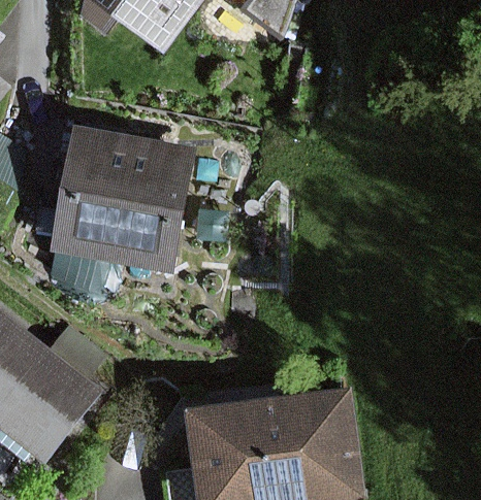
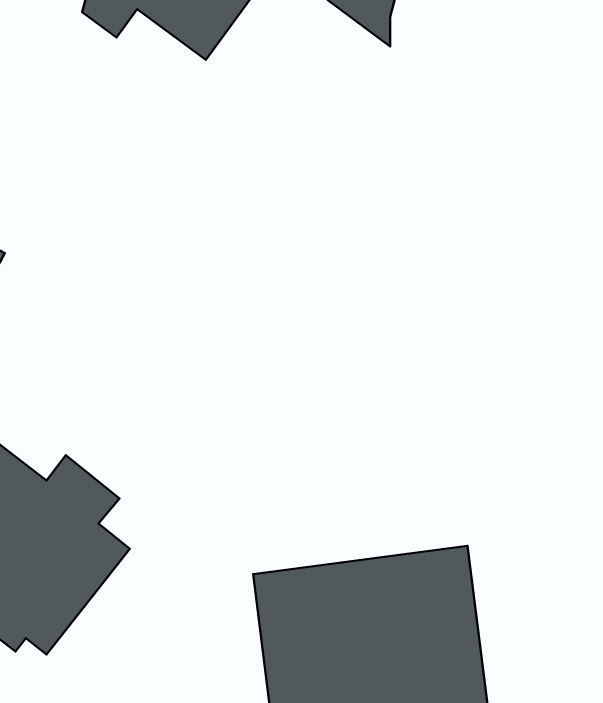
building: [52,126,193,272] -> none

